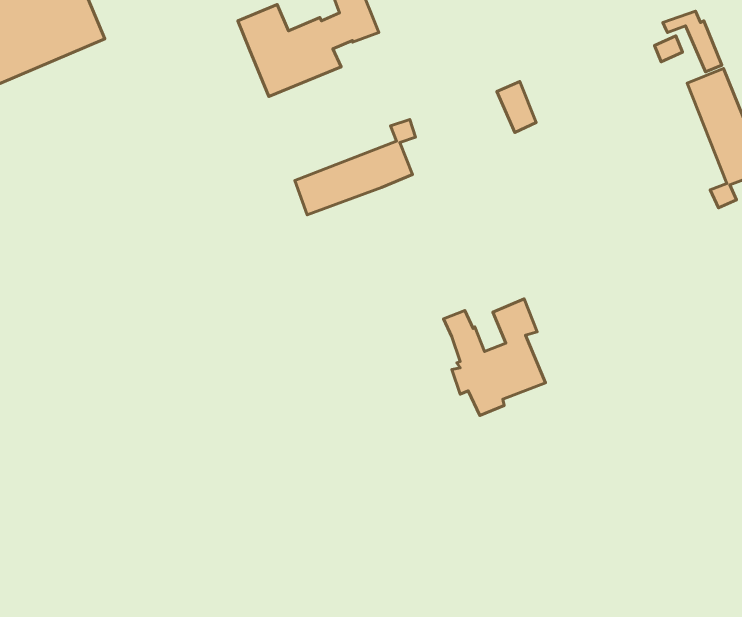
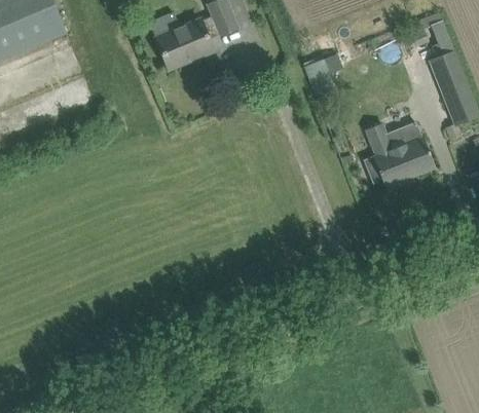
building: [295,119,415,215] -> none
building: [444,299,545,415] -> [366,117,430,190]

